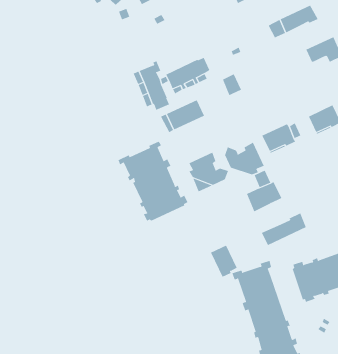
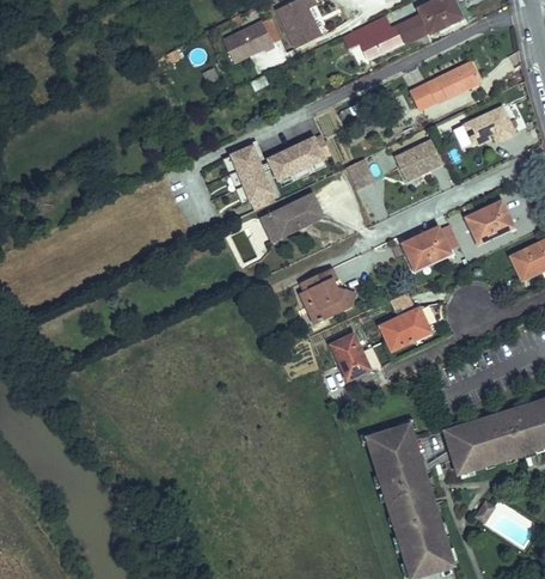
building: none -> [394,140,442,182]
building: [118,141,188,222] -> none
building: [224,142,264,175] -> none
building: [261,212,306,246] -> none
building: [210,245,238,277] -> [330,334,368,379]

